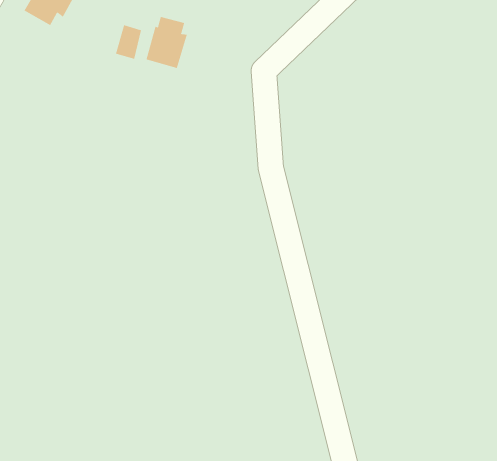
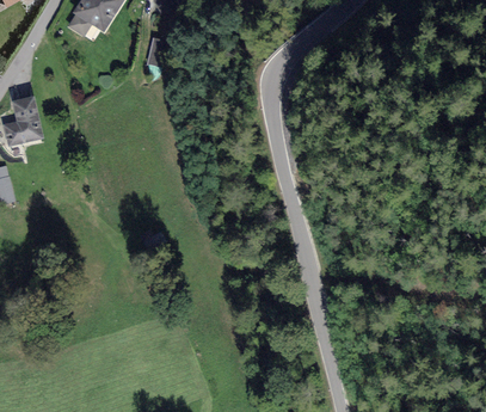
building: [146,16,187,69] -> none

